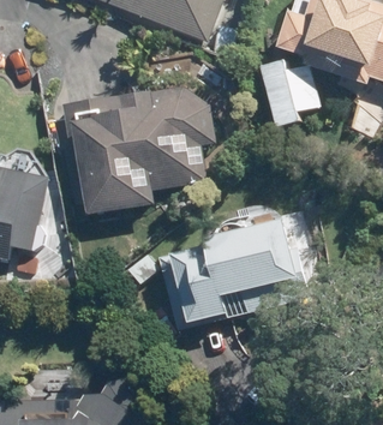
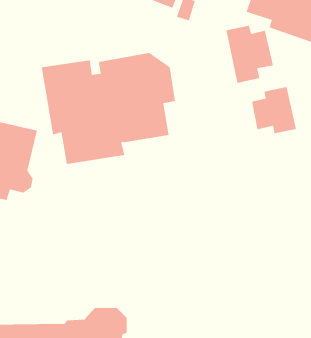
building: none -> [251,86,297,134]
building: [158,217,311,329] -> none

